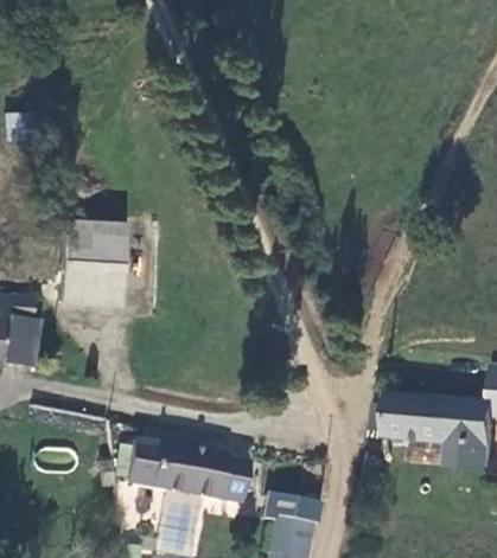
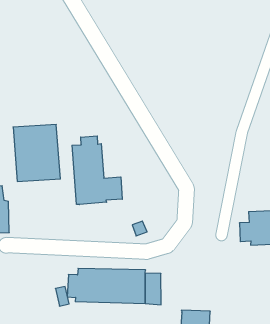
building: none -> [72,136,122,205]
building: [260,492,318,524] -> none

